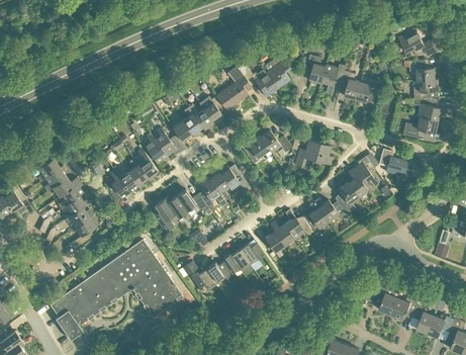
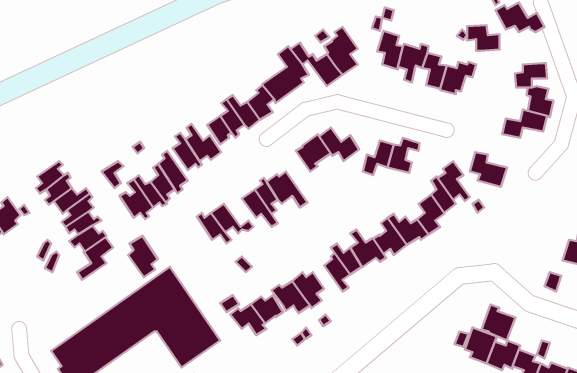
building: [409,60,435,80] -> [467,25,499,51]
building: [153,199,176,232] -> [128,236,158,277]
building: none -> [481,305,515,340]

